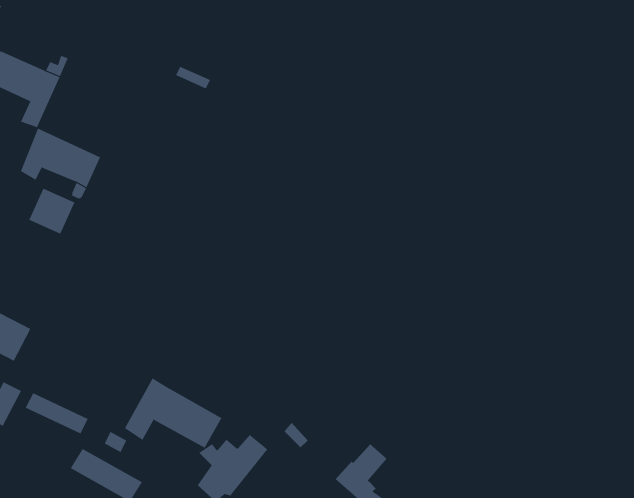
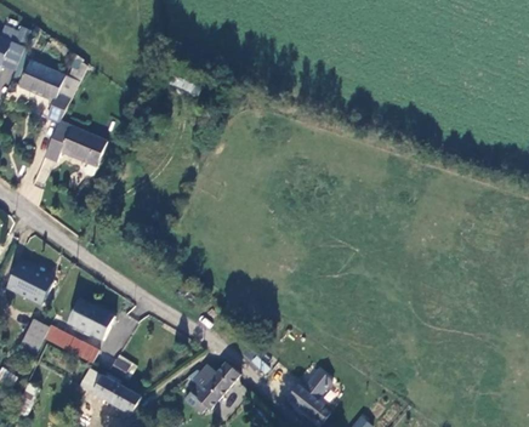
building: [28,188,75,234] -> none
building: none -> [73,297,115,336]
building: [124,378,222,449] -> none

